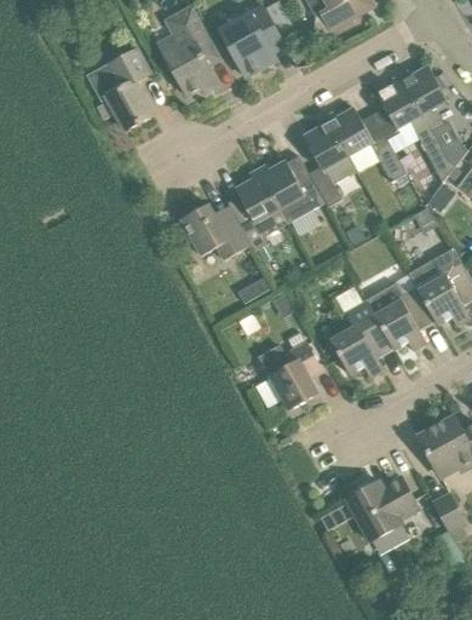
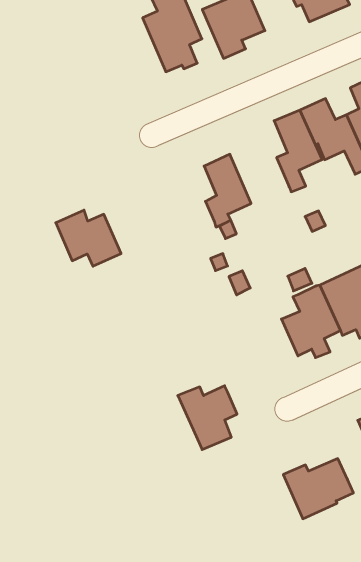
building: [86,46,152,128] -> none
building: [260,154,324,222] -> none
building: [180,202,251,259] -> [56,210,121,266]
building: [258,340,321,408] -> [178,386,237,450]

